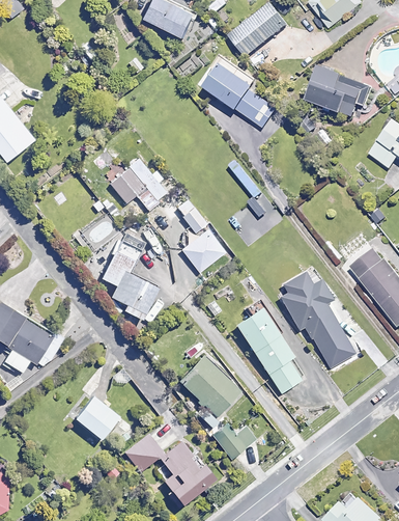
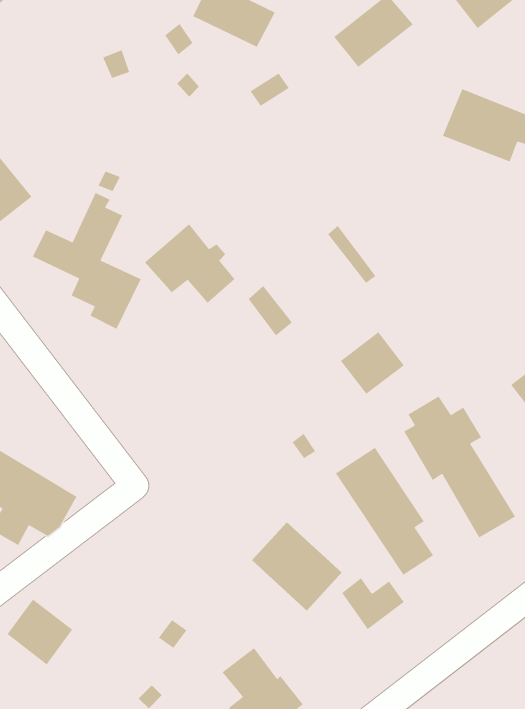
building: [202,60,253,109] -> none
building: [240,91,277,127] -> none
building: [84,227,158,320] -> [32,192,142,330]
building: [181,229,225,272] -> [340,331,405,395]
building: [74,393,118,438] -> [6,599,73,665]
building: [212,422,255,458] -> [341,577,405,630]
building: [124,433,163,470] -> none

